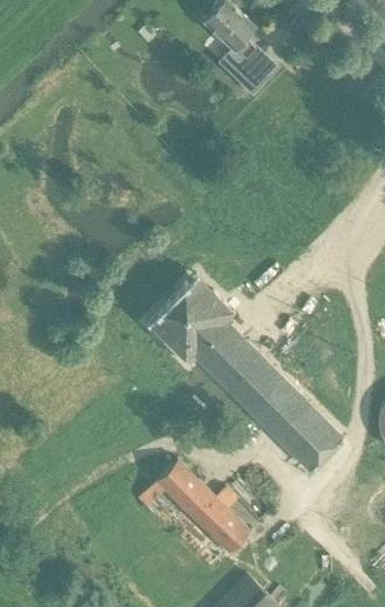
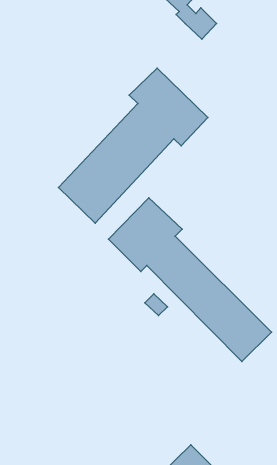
building: none -> [58,68,208,223]
building: [154,459,252,556] -> none

